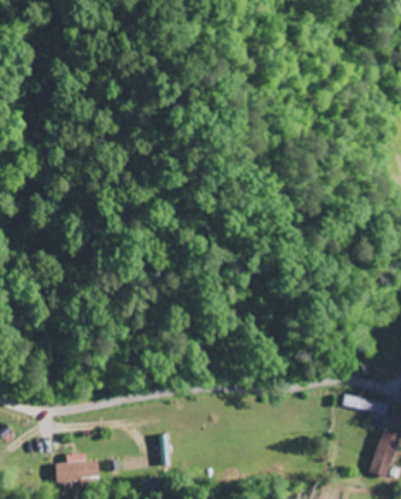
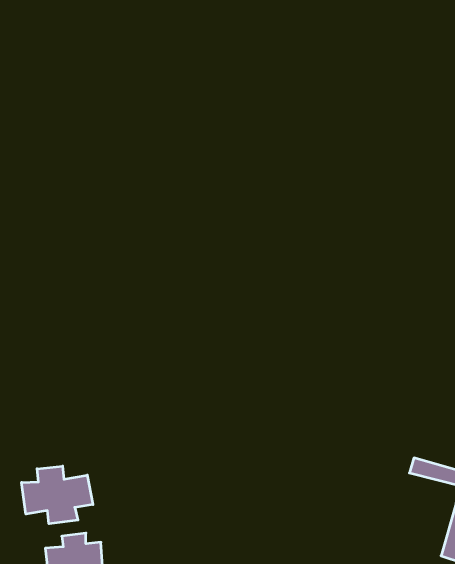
building: none -> [22,466,93,524]

